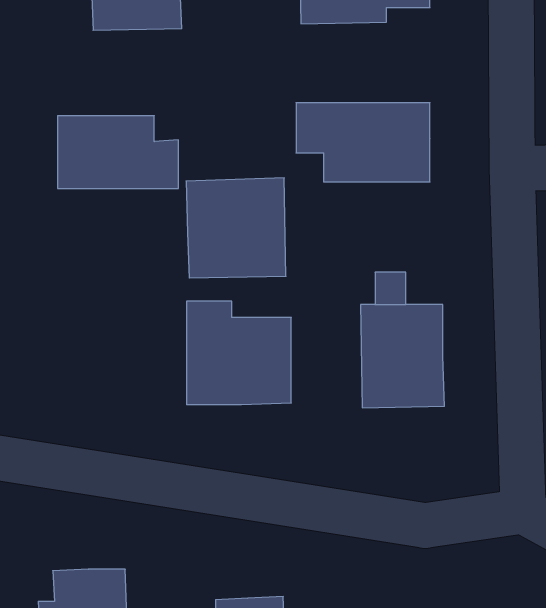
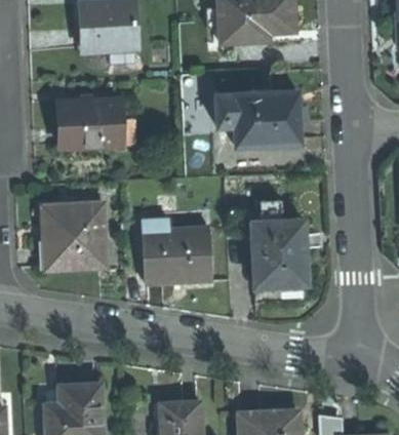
building: [186,178,286,278] -> [42,203,106,267]

